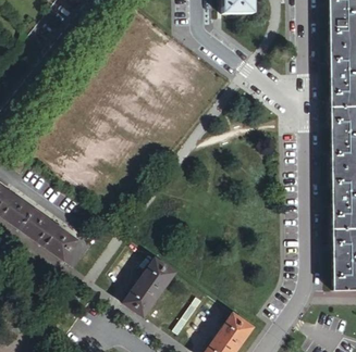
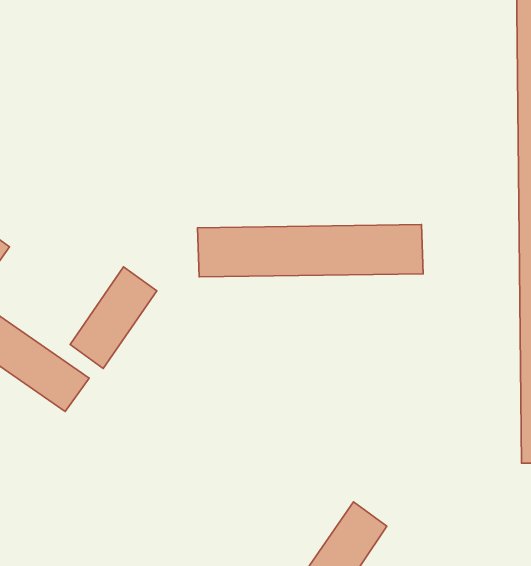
building: none -> [197,225,423,277]
building: [124,257,175,317] -> [70,267,157,369]

